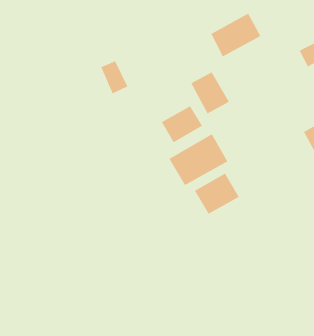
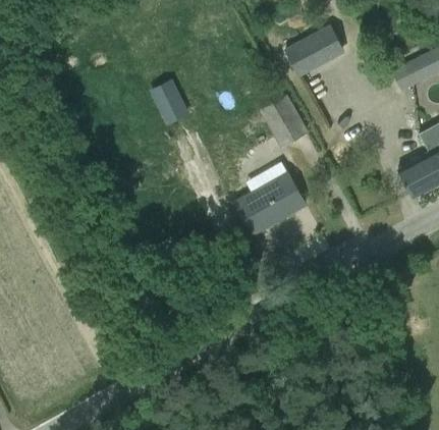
building: [161,105,203,143] -> none
building: [194,173,239,214] -> none

